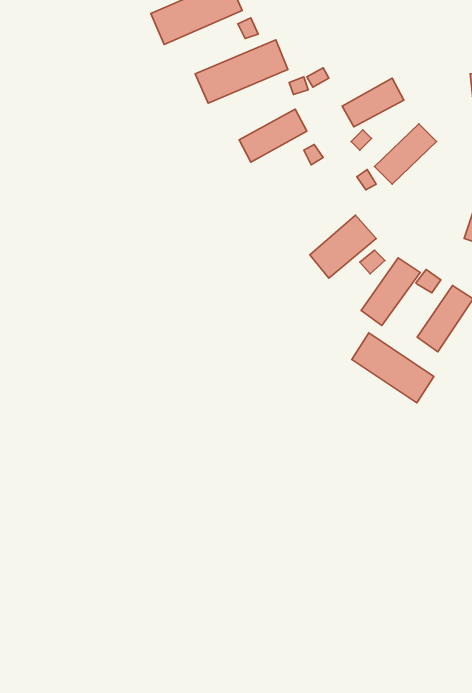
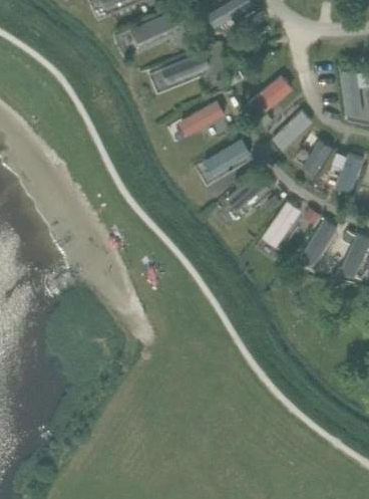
building: none -> [302,137,330,178]
building: none -> [204,138,253,177]
building: [352,333,434,403] -> none

